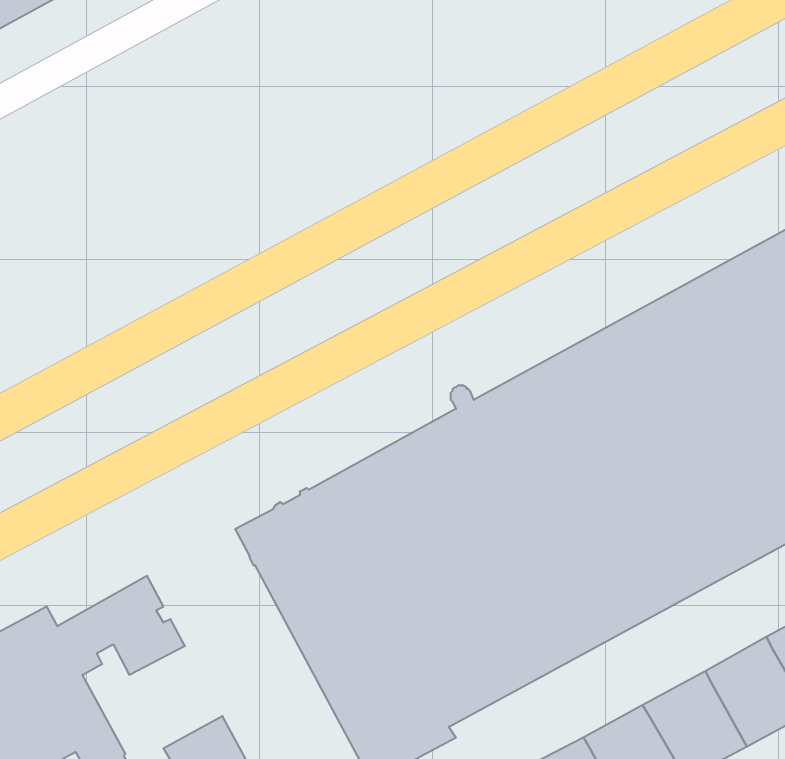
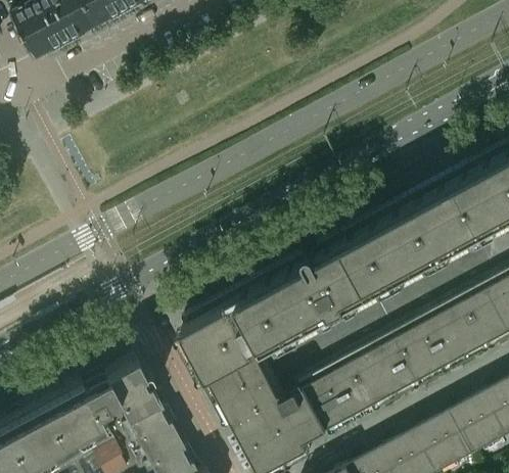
building: none -> [120,396,175,455]

